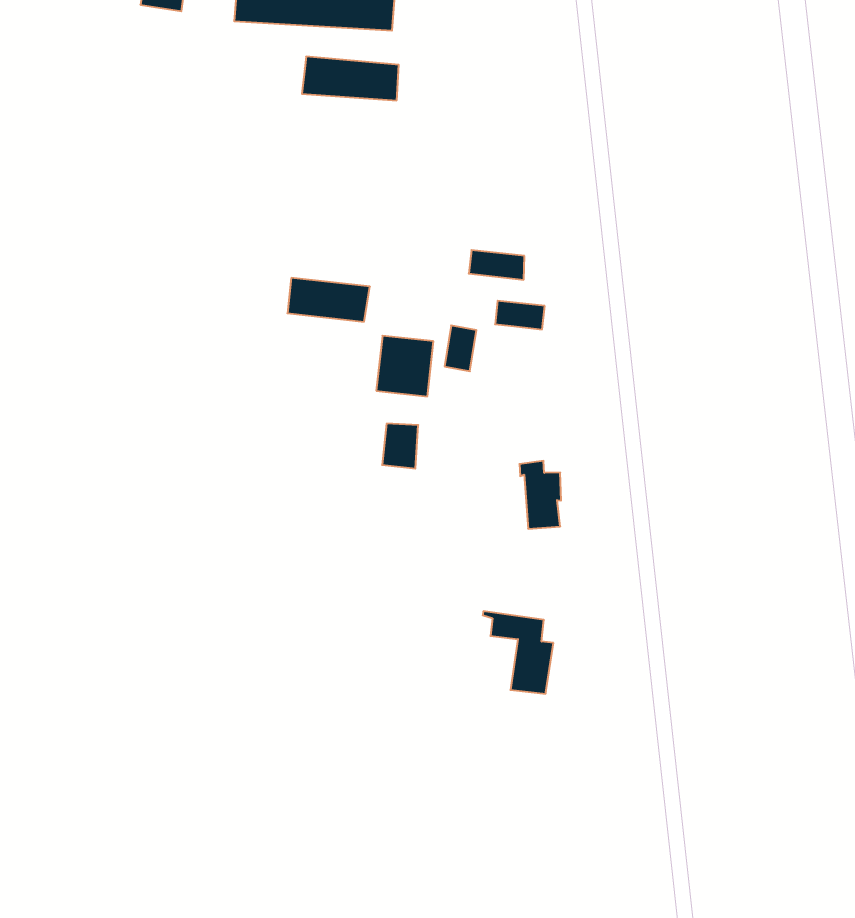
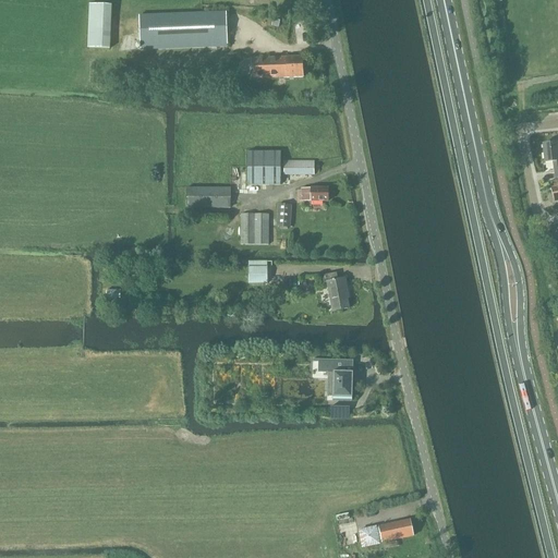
building: [302,57,399,100] -> [252,56,304,77]
building: none -> [247,150,281,184]

